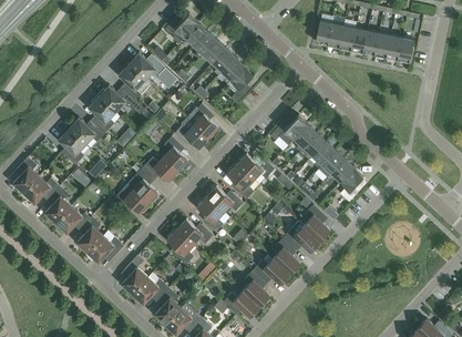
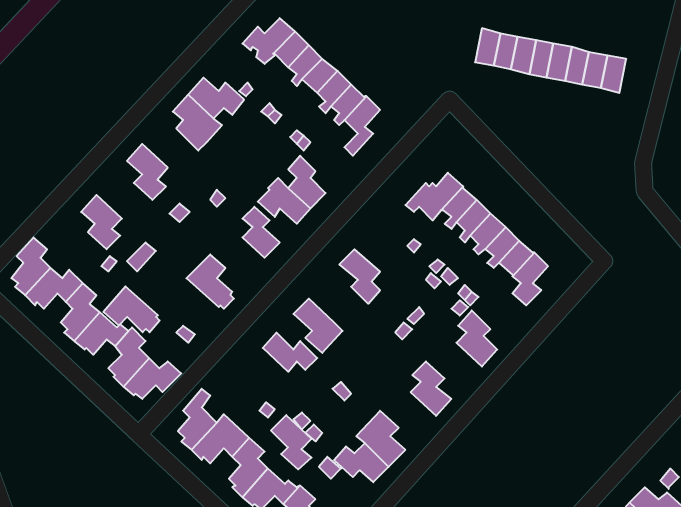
building: [99,85,140,111] -> none
building: [69,118,107,144] -> none
building: [237,153,275,178] -> none
building: [143,156,178,180] -> none
building: [113,183,150,213] -> [103,286,160,332]
building: [207,186,243,212] -> none
building: [284,221,320,252] -> none
building: [167,228,194,264] -> [271,415,312,469]
building: [254,257,290,284] -> none

